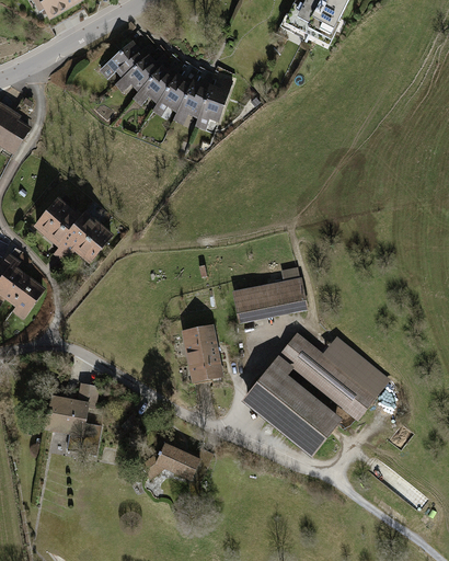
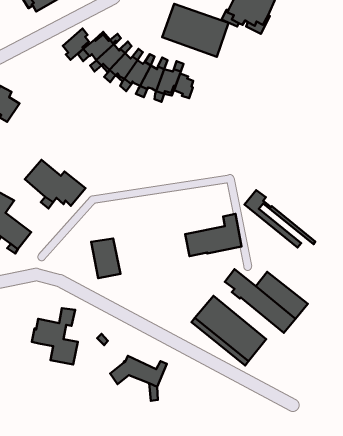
building: none -> [162,4,229,57]
building: none -> [63,29,89,60]
building: none -> [174,73,193,98]
building: [184,328,220,377] -> [91,238,120,278]
building: [269,351,357,422] -> [245,190,315,248]

